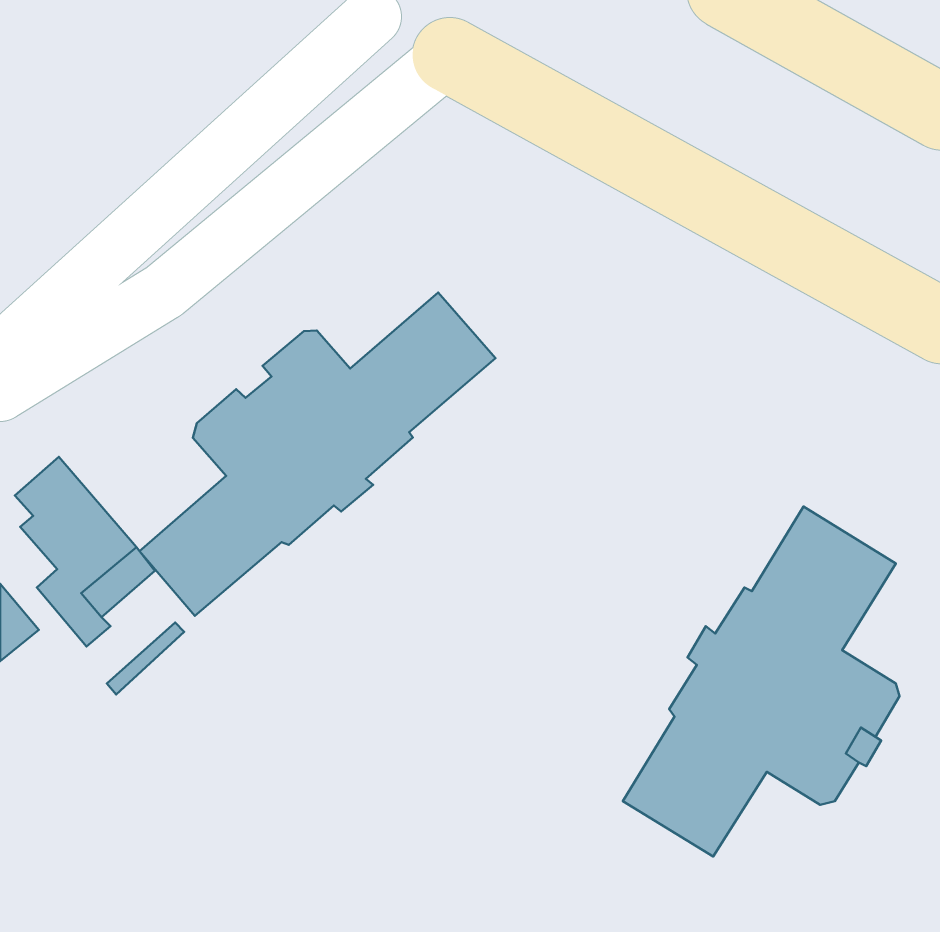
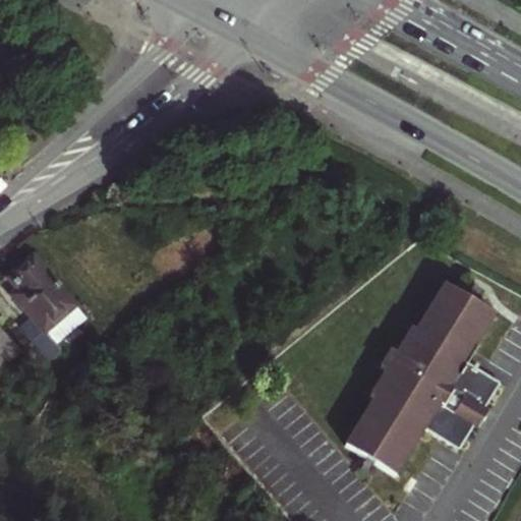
building: [140,293,496,616] -> none

